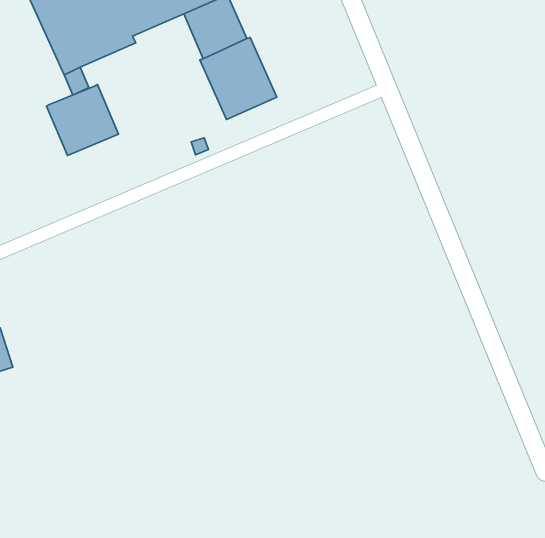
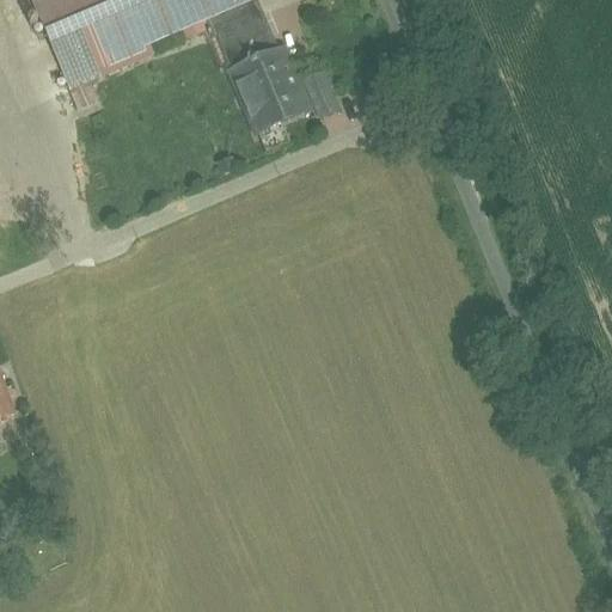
building: none -> [302,67,335,115]
building: [46,85,118,156] -> none

